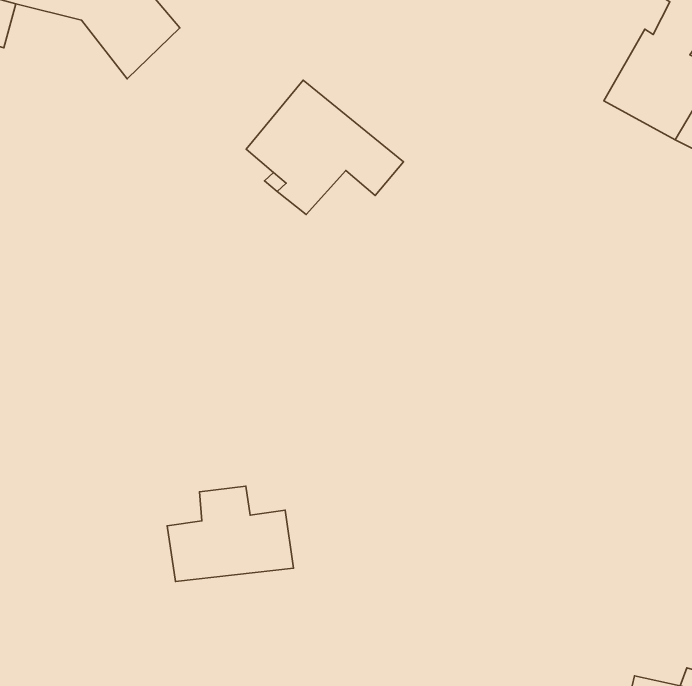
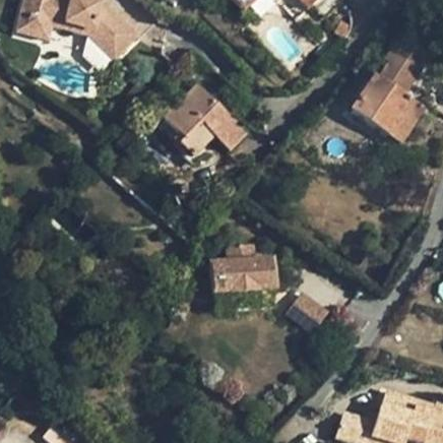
building: none -> [286,297,326,336]
building: [167,486,294,582] -> [209,247,273,294]

